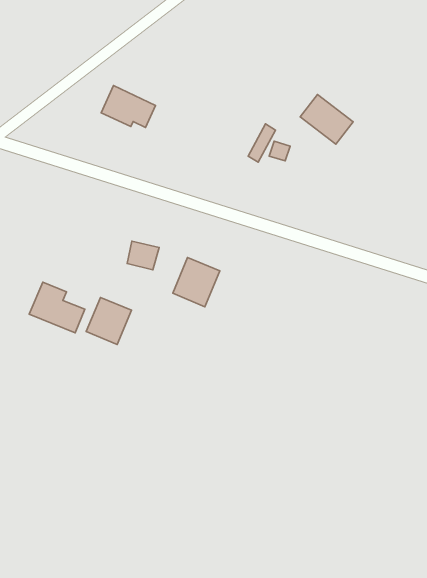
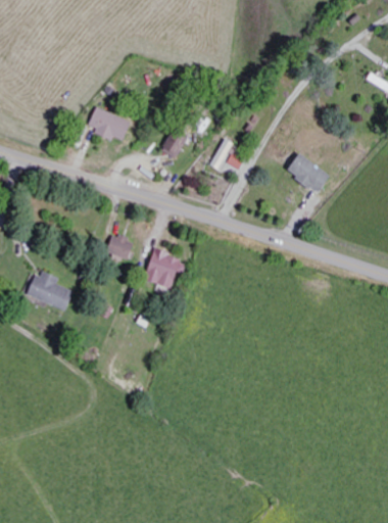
building: [300,95,353,144] -> [286,153,330,194]
building: none -> [159,129,188,159]
building: [86,297,132,344] -> none

